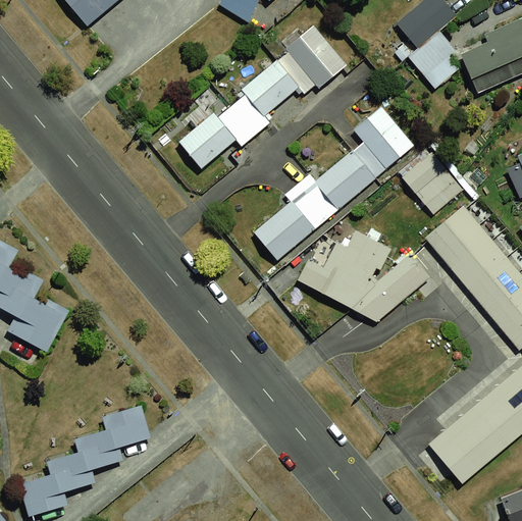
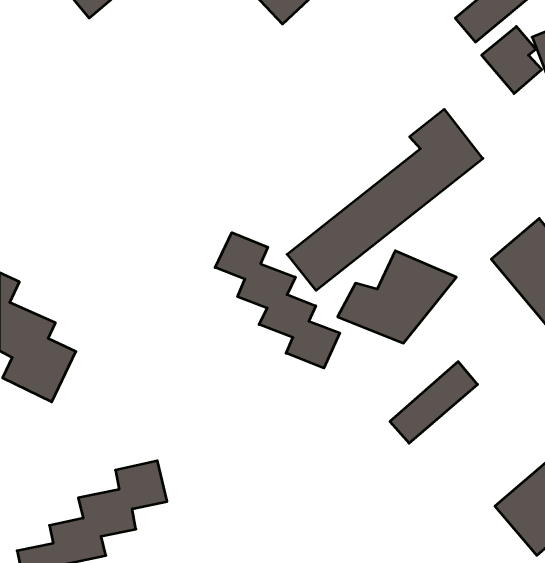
building: [173,25,346,175] -> none
building: [396,151,457,213] -> none
building: none -> [215,233,340,368]
building: [355,256,429,325] -> [390,362,478,443]

